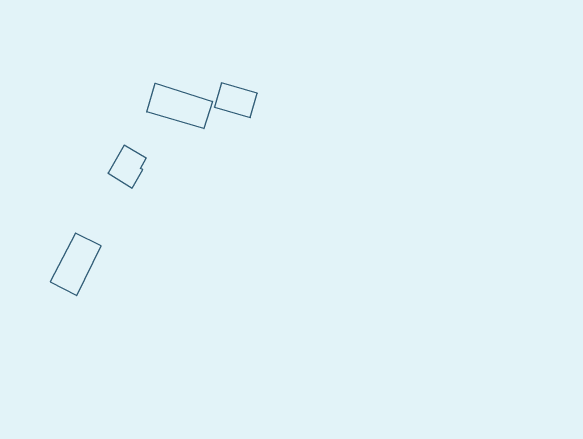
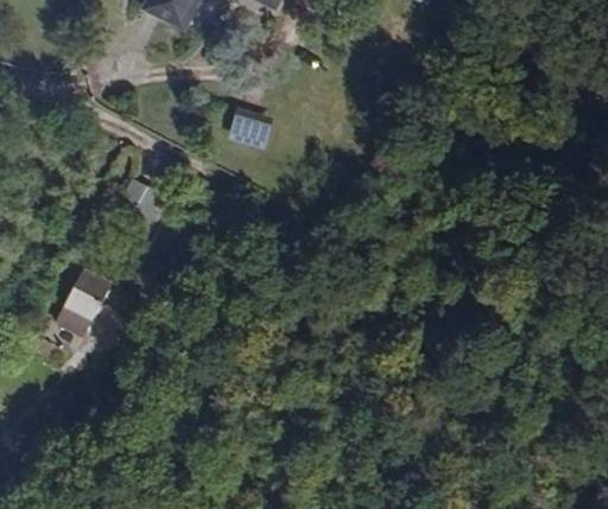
building: [147,83,212,129] -> none

